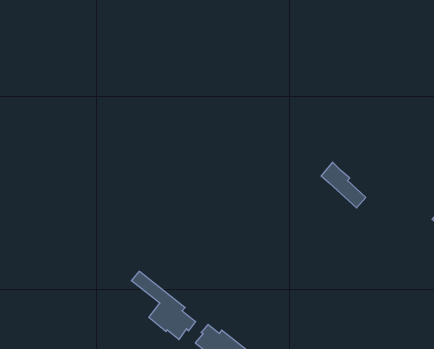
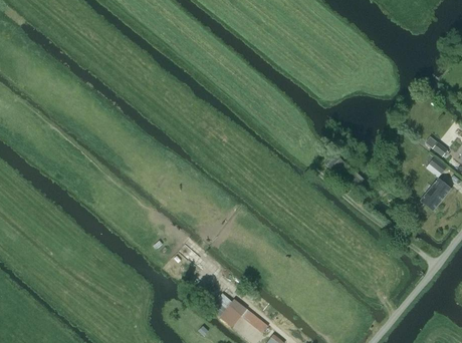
building: [131,271,196,340] -> none

